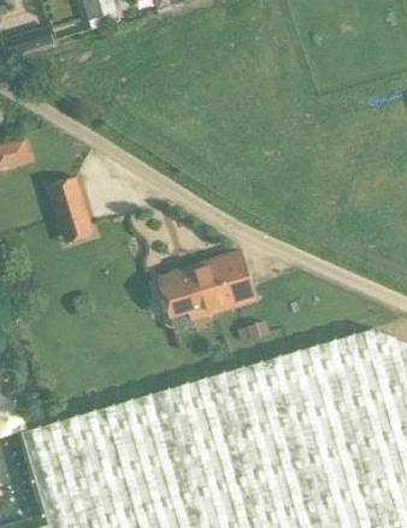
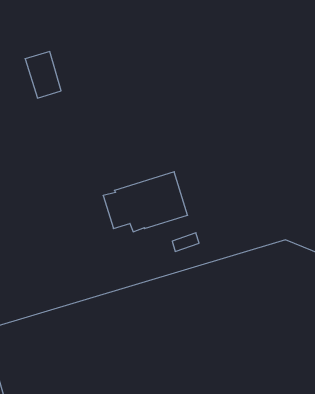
building: [47,177,89,231] -> [25,52,61,98]

